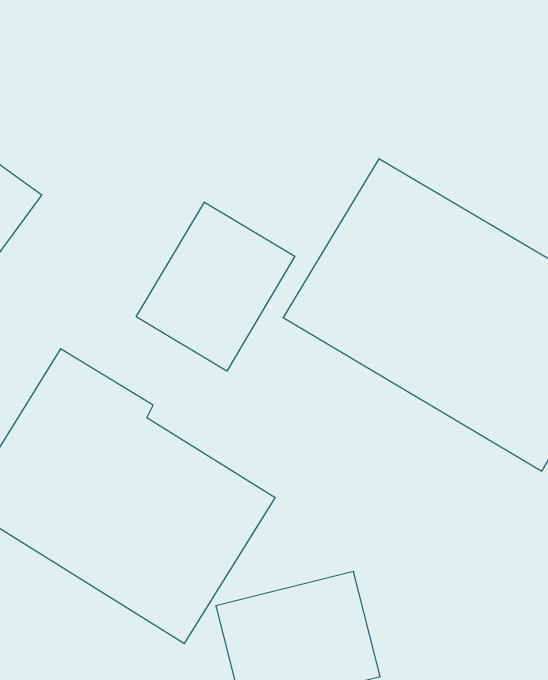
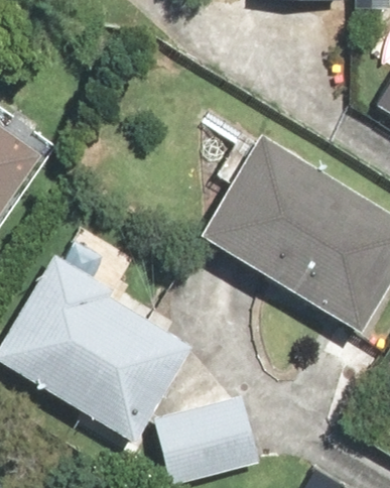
building: [136,202,295,371] -> none

